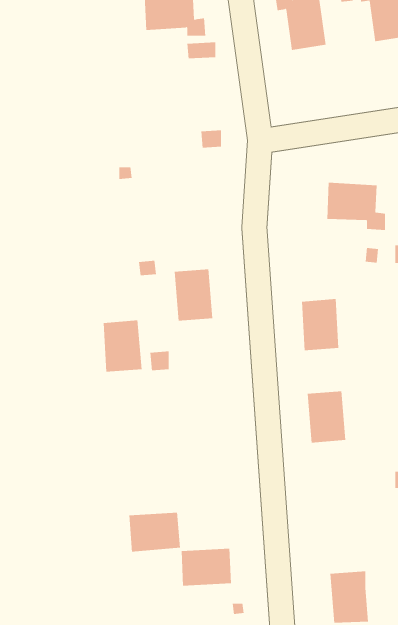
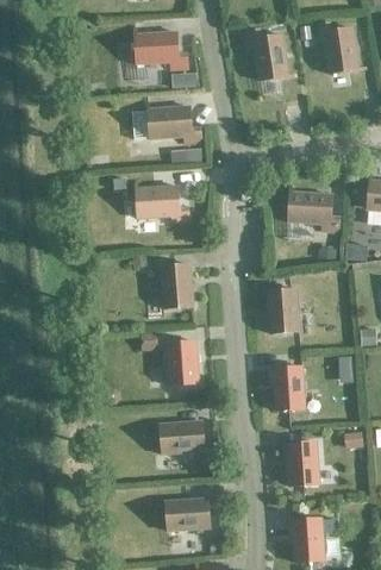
building: none -> [131,105,200,143]
building: none -> [136,184,188,223]
building: [103,320,142,372] -> [165,340,199,384]
building: none -> [286,440,319,484]
building: [128,512,181,552] -> [160,420,204,453]

